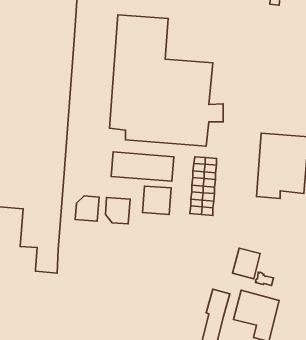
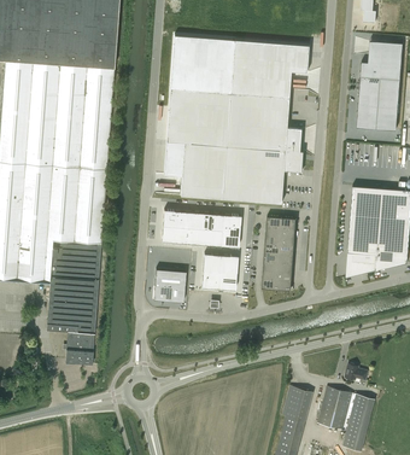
building: none -> [230,40,310,97]
building: none -> [357,42,403,130]
building: [75,196,99,221] -> none
building: [233,248,260,279] -> none

